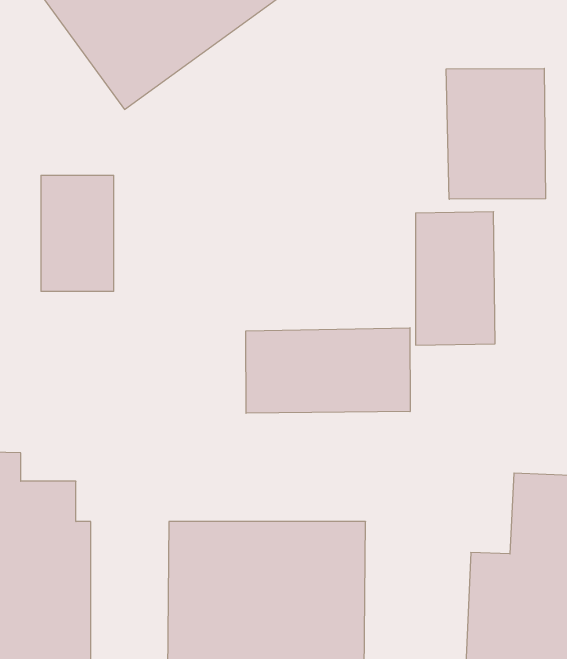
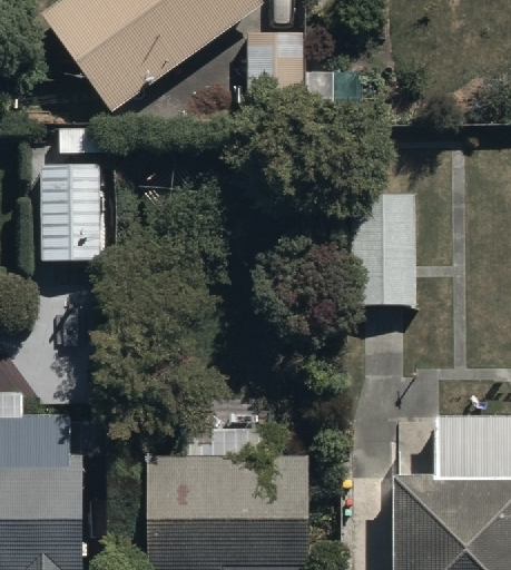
building: [446,68,546,199] -> none
building: [246,328,410,413] -> none

